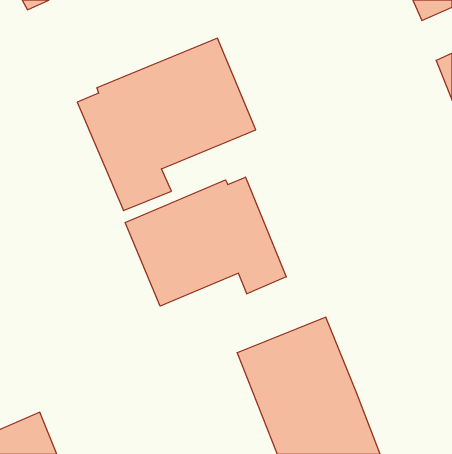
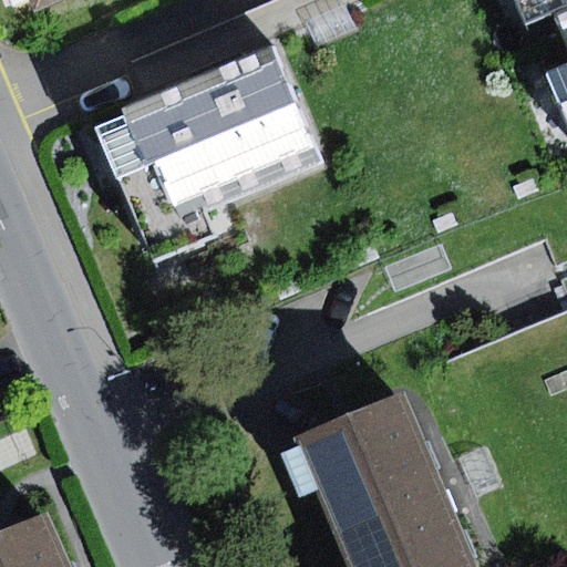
building: [125,177,286,306] -> none

